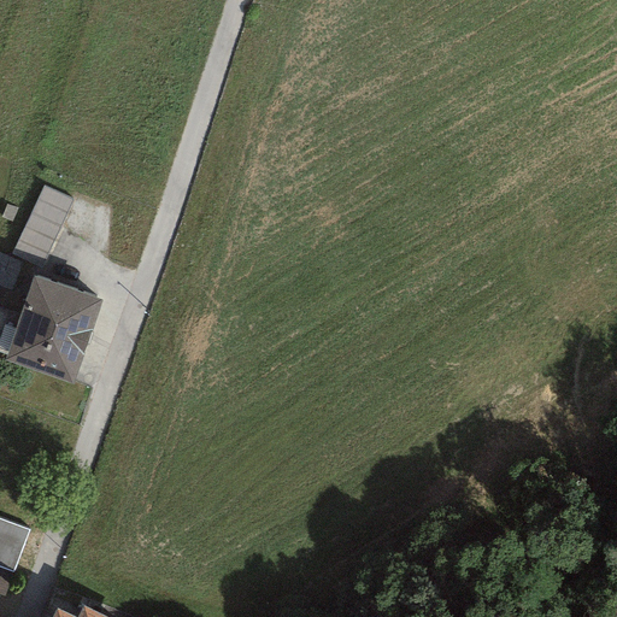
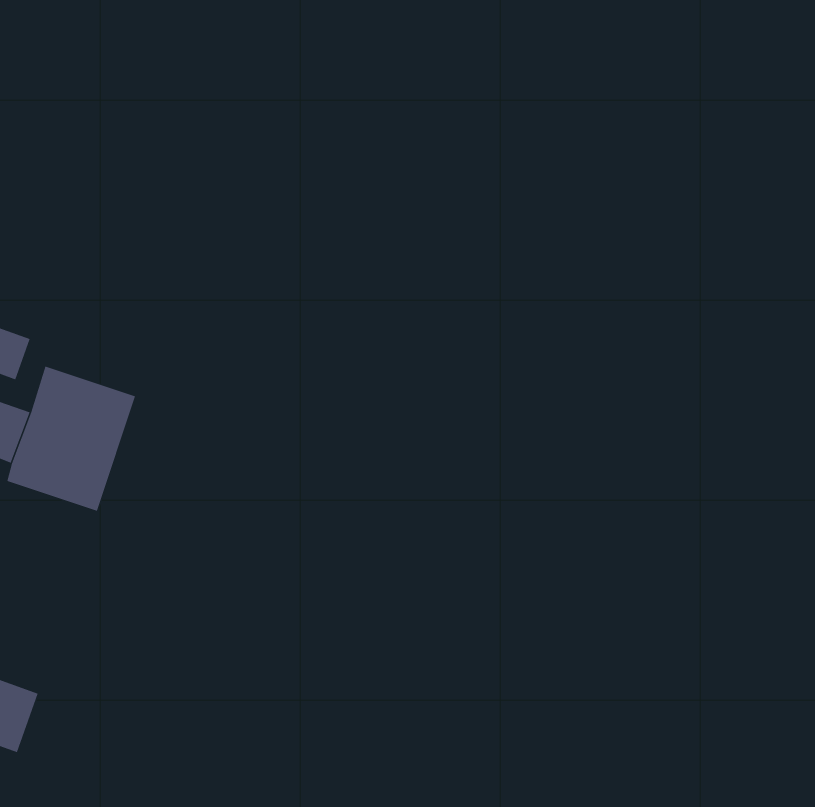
building: [13,181,75,260] -> none

